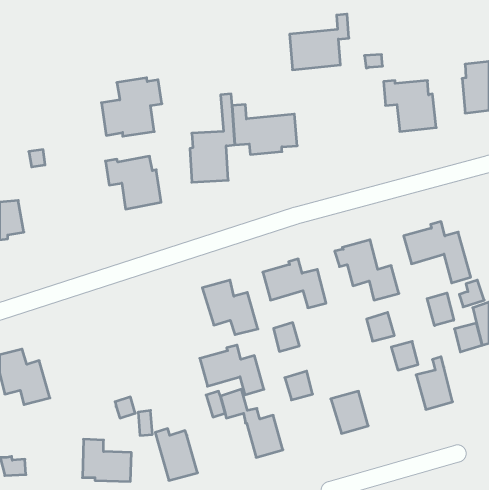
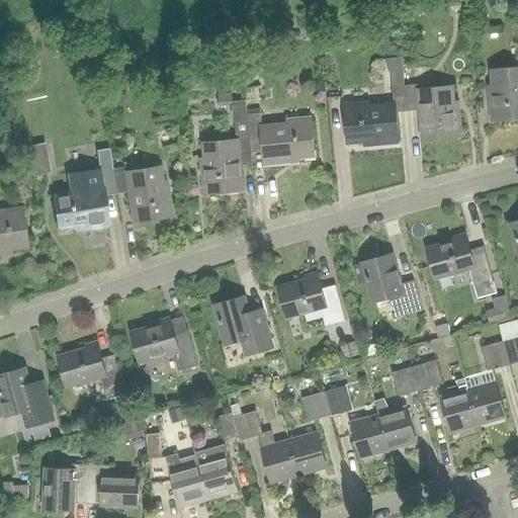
building: [290,14,349,70] -> [344,86,407,145]
building: [101,78,162,136] -> [52,168,115,230]
building: [427,293,454,326] -> none
building: [367,312,394,341] -> [391,366,420,397]
building: [274,323,299,351] -> [324,385,351,416]
building: none -> [57,342,125,399]
building: [200,345,264,395] -> [130,319,197,371]
building: none -> [468,380,504,424]
building: none -> [378,406,416,449]
building: none -> [288,431,326,474]
building: none -> [197,451,237,499]
building: none -> [44,463,88,510]

